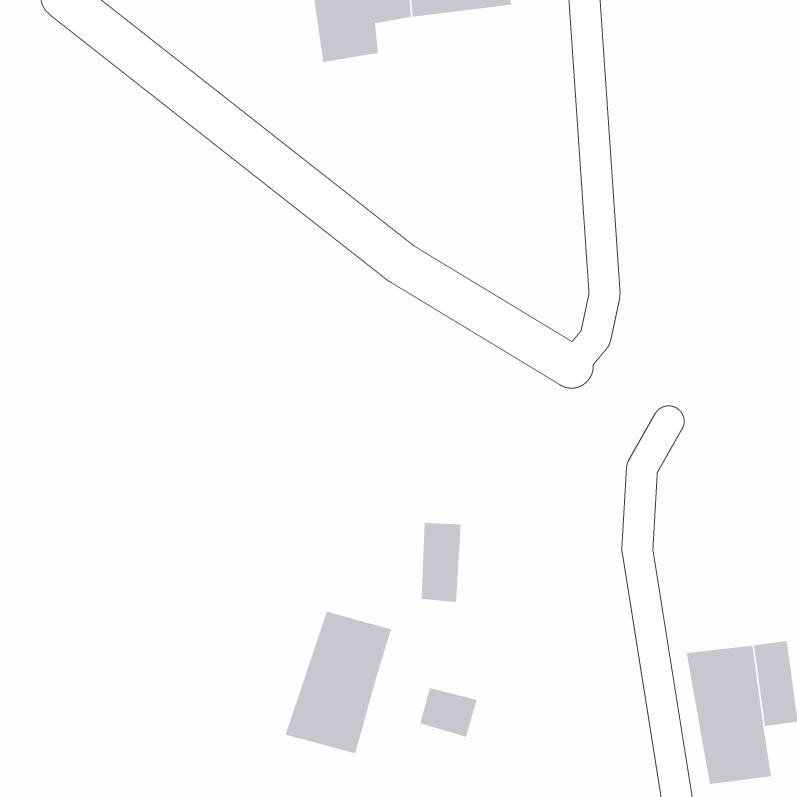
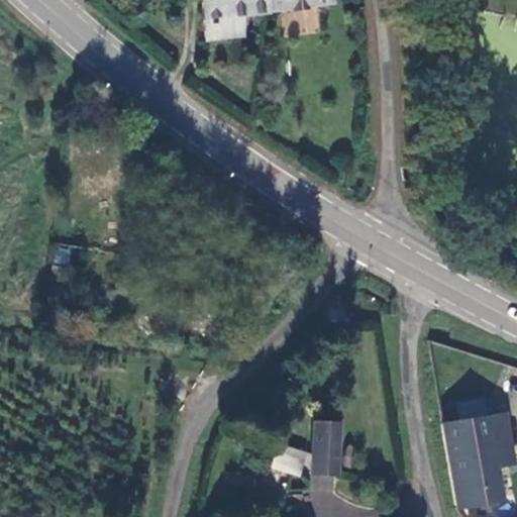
building: [421,523,461,602] -> [311,420,337,472]
building: [285,611,392,754] -> none

